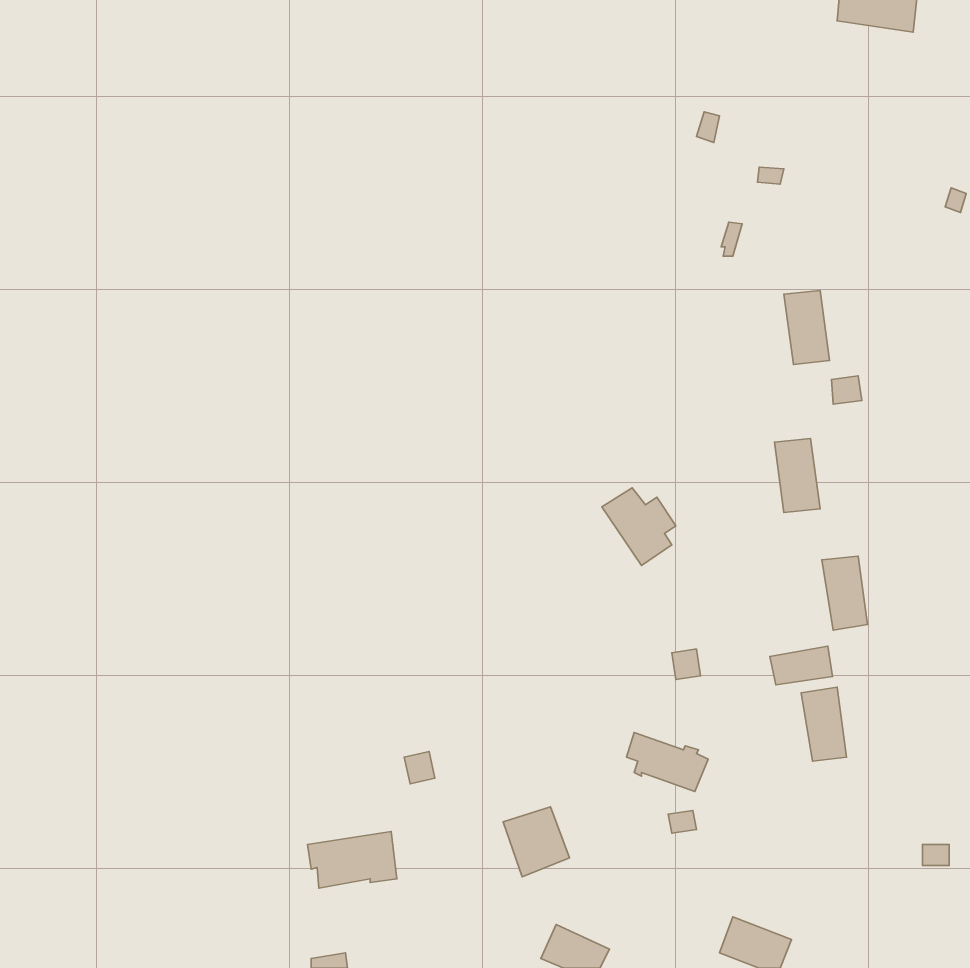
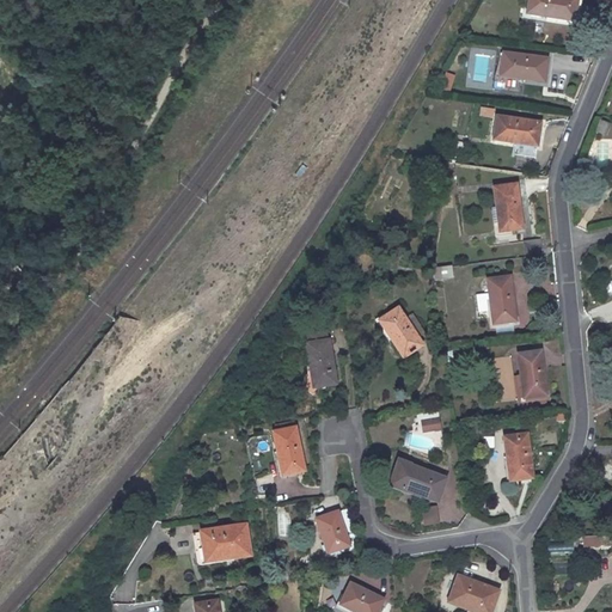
building: none -> [501,51,547,80]
building: none -> [494,116,540,143]
building: none -> [305,328,336,386]
building: [770,646,832,685] -> none
building: none -> [274,426,305,473]

